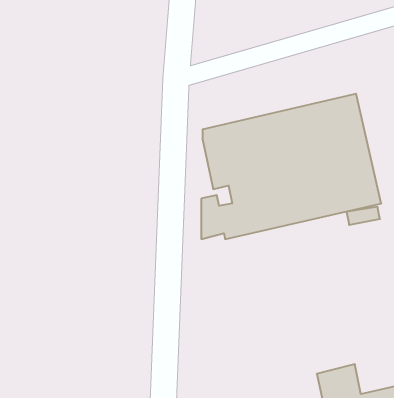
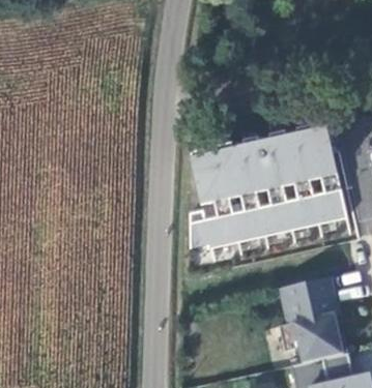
building: none -> [280,276,349,362]

